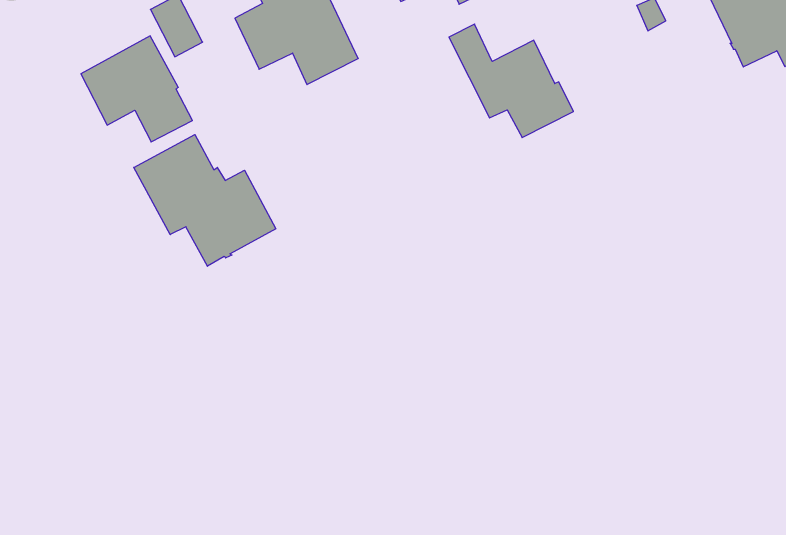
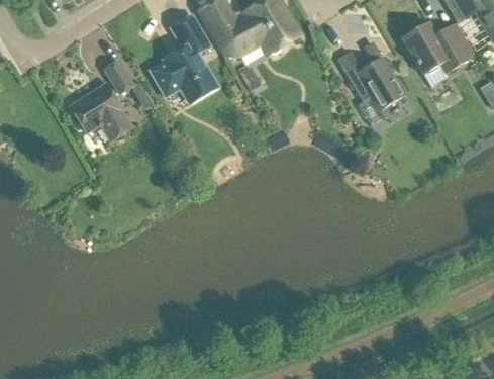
building: [449,24,573,138] -> [337,51,407,109]
building: [134,135,276,266] -> none

